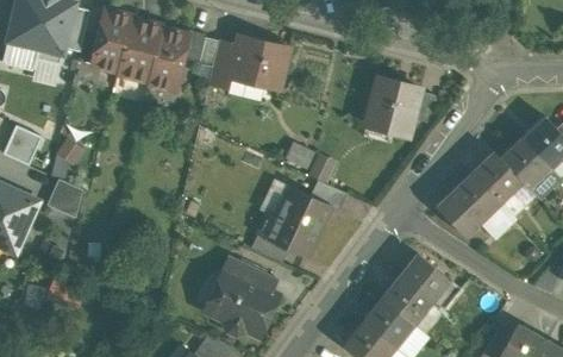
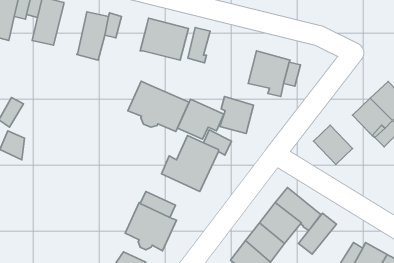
building: [117,19,162,81] -> none
building: [208,43,237,88] -> [188,27,210,63]
building: none -> [128,81,189,131]
building: none -> [220,97,254,133]
building: [471,154,521,203] -> none
building: [437,194,478,238] -> none
building: none -> [298,213,337,254]

